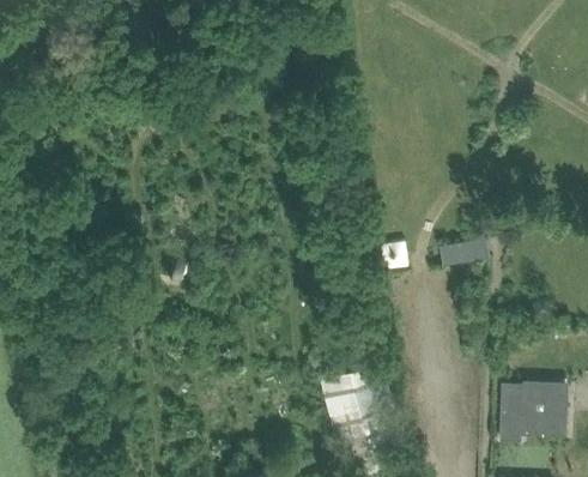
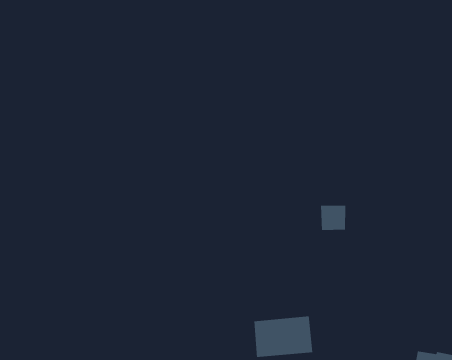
building: [438,238,486,262] -> none

